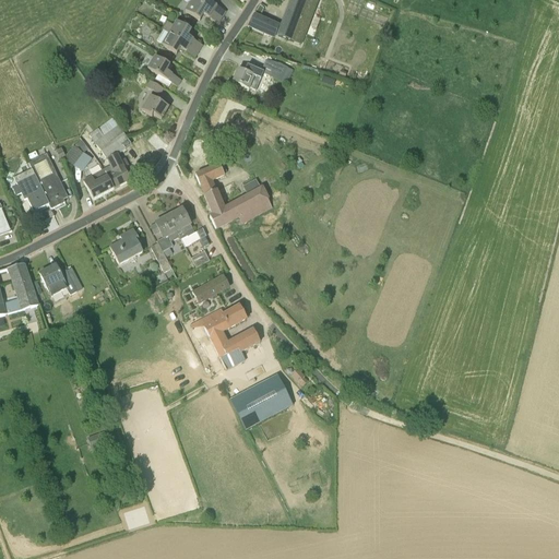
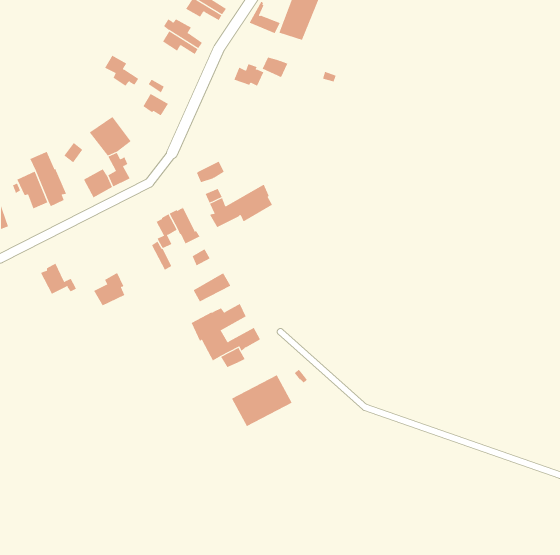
building: [146,53,181,85] -> [104,55,139,86]
building: [109,226,141,260] -> [93,272,125,306]
building: [4,276,38,311] -> none

